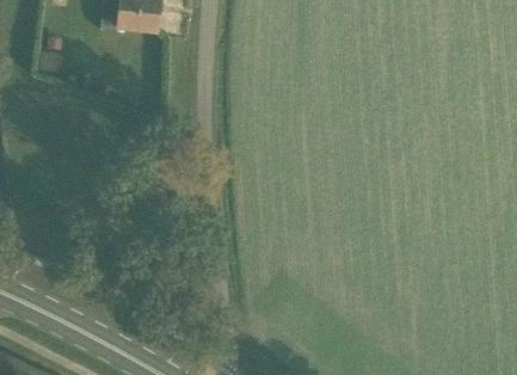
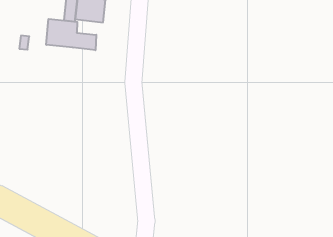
building: none -> [46,19,96,50]

